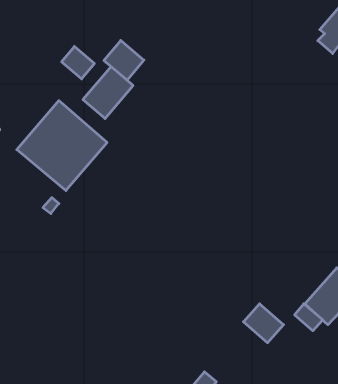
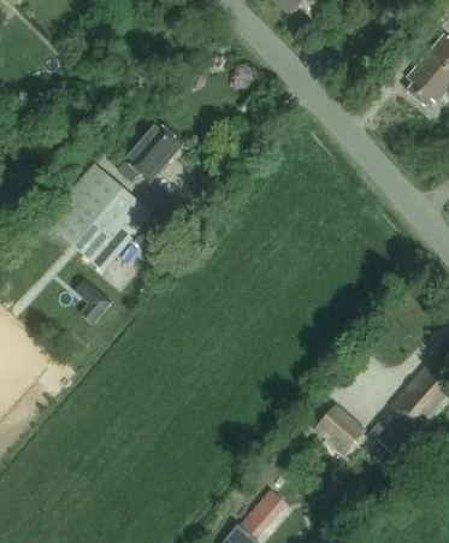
building: [104,40,144,80] -> none
building: [62,46,94,79] -> none

